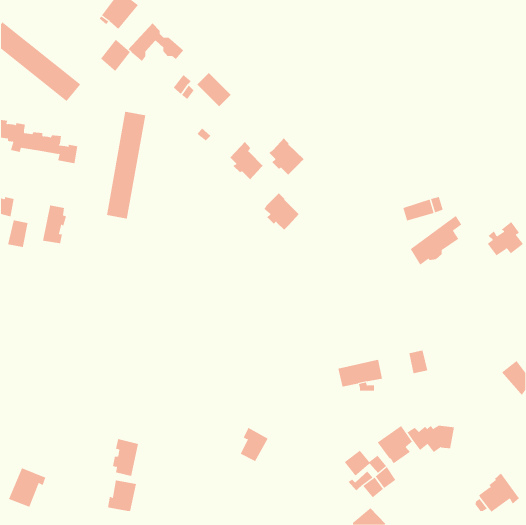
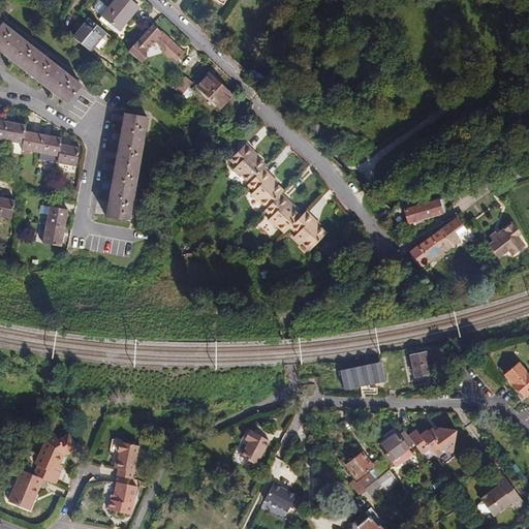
building: [100,39,131,72] -> [73,17,104,50]
building: [268,137,305,176] -> [247,168,283,207]
building: none -> [290,210,326,249]
building: [7,219,28,248] -> none
building: none -> [34,433,77,484]
building: none -> [262,484,293,511]

